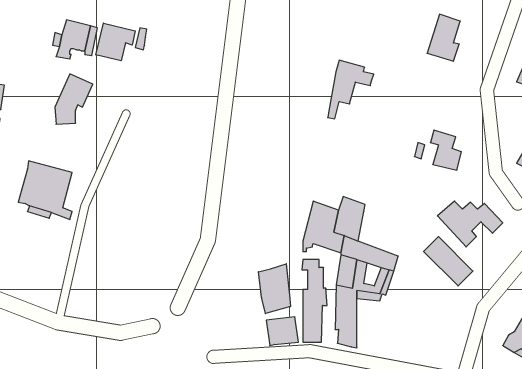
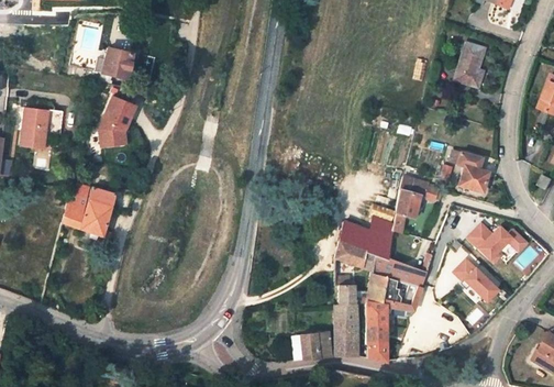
building: [96,23,135,61] -> none
building: [328,60,374,119] -> [394,176,437,232]
building: [258,264,290,314] -> none

